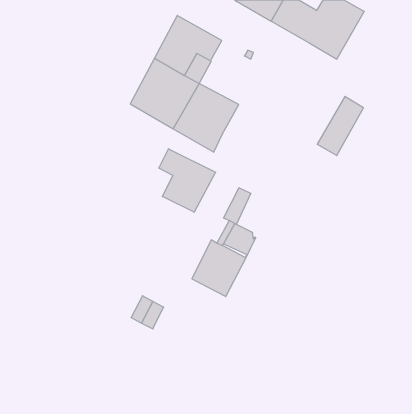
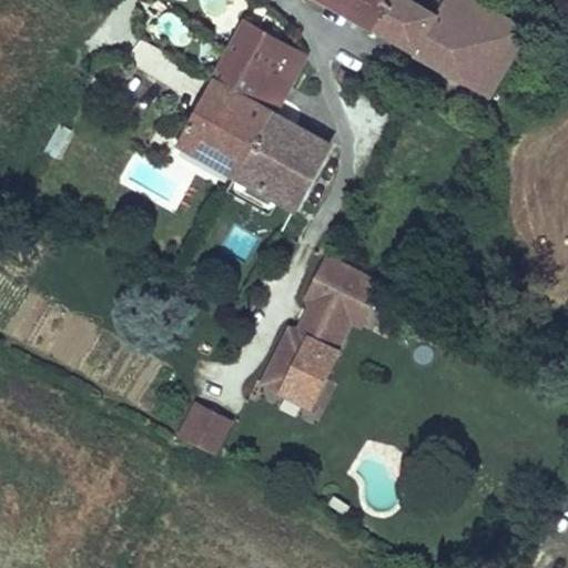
building: [317,96,363,156] -> [462,16,525,97]
building: [159,149,216,212] -> none
building: none -> [324,265,376,323]

